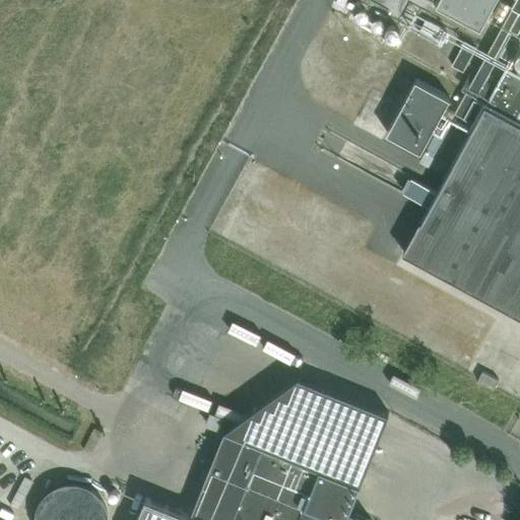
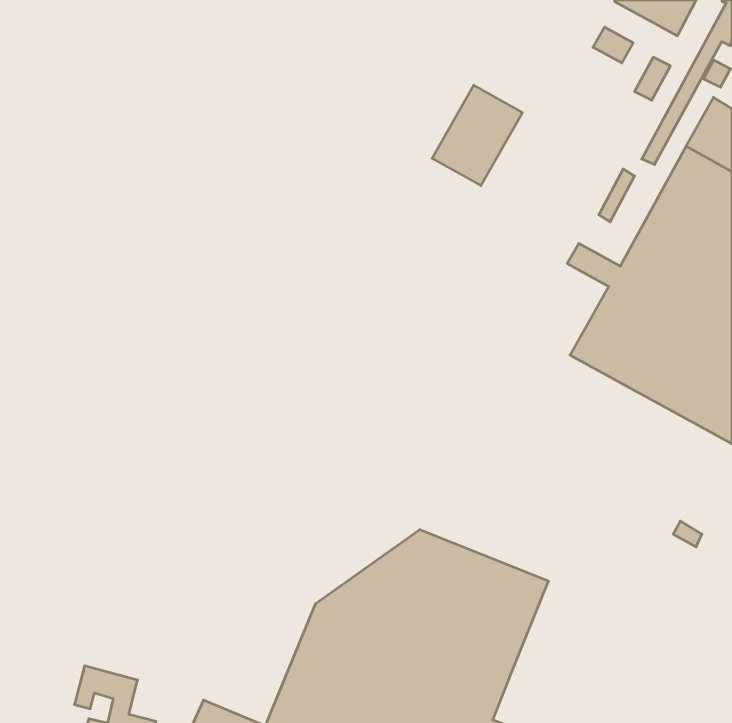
building: [386,85,450,156] -> [432,85,522,186]

